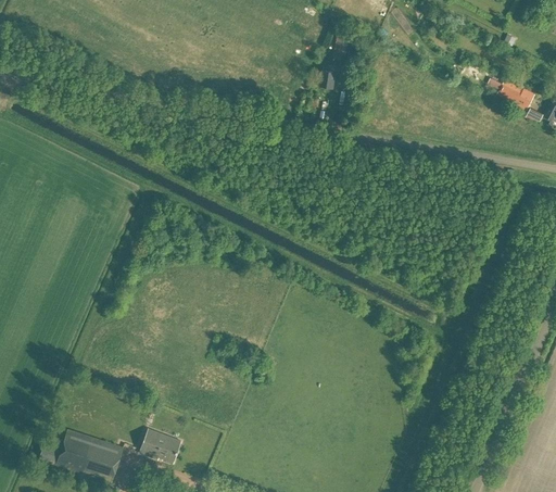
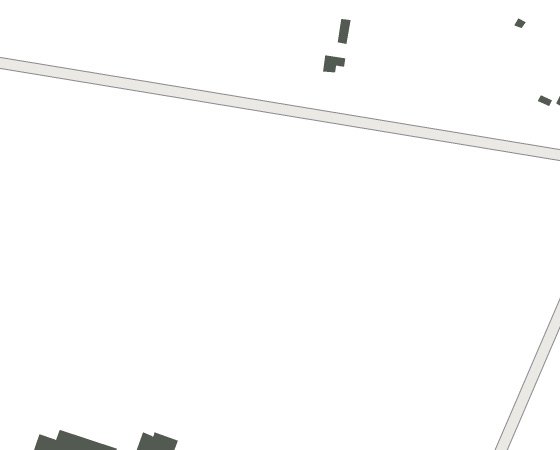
building: [497,79,535,110] -> none

